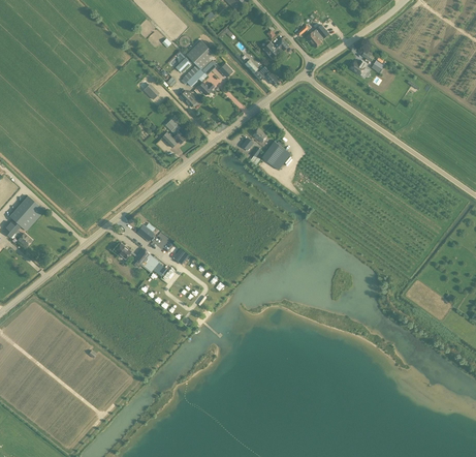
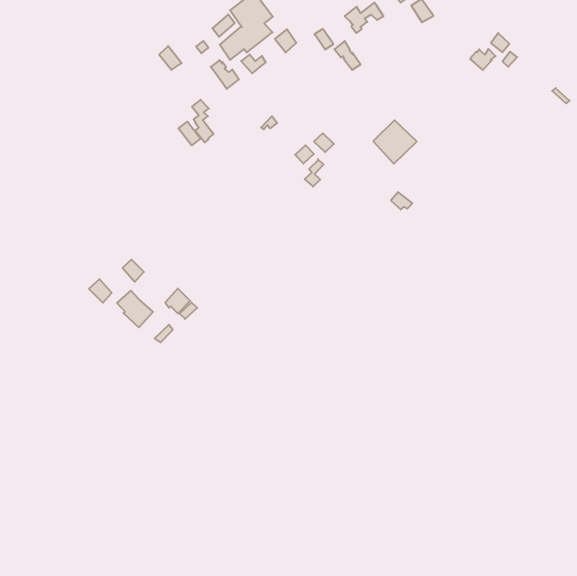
building: [261,141,290,170] -> [373,120,417,164]

